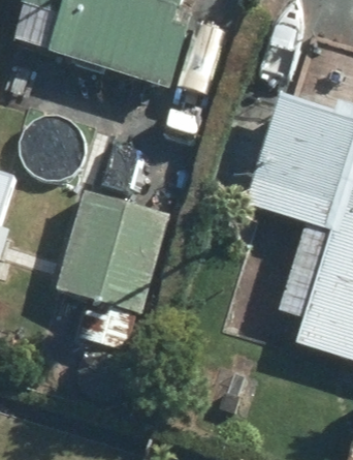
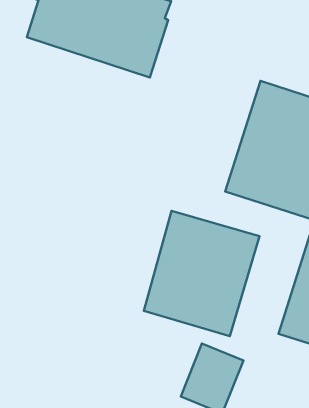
building: [58,190,170,312] -> [144,211,260,336]

